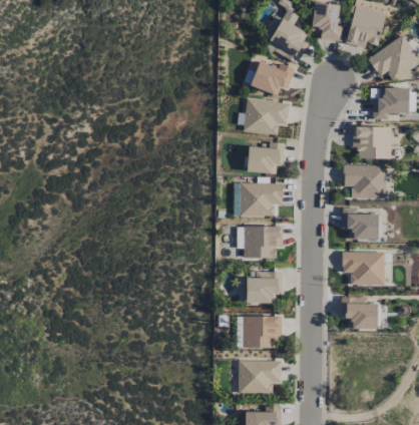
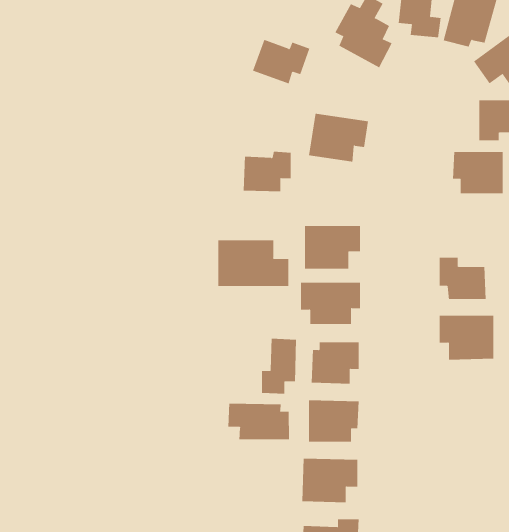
building: [250,61,294,95] -> [252,39,310,84]
building: [247,142,284,173] -> [243,151,292,192]
building: [343,165,386,198] -> none
building: none -> [218,239,289,287]
building: none -> [261,338,297,394]
building: [341,297,377,329] -> none
building: none -> [228,403,289,440]

